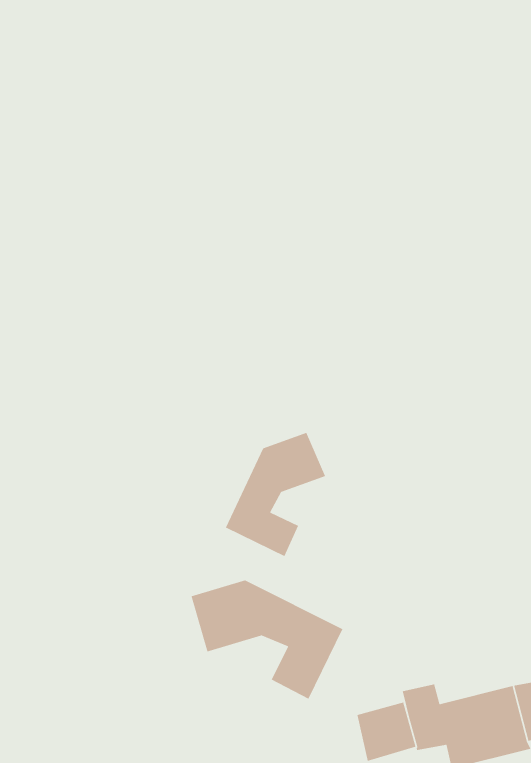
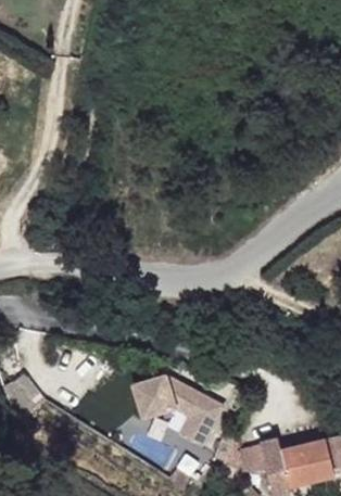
building: [225,432,326,557] -> none

